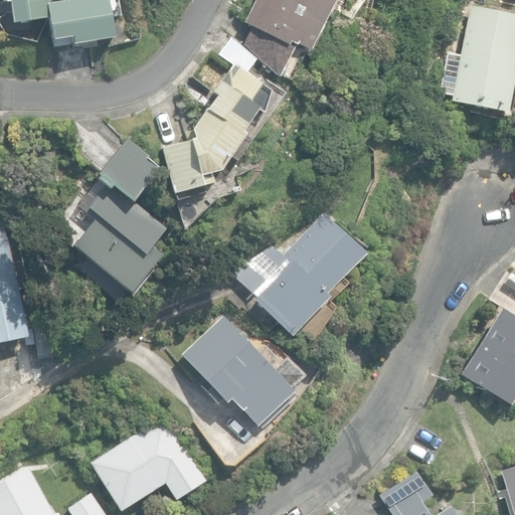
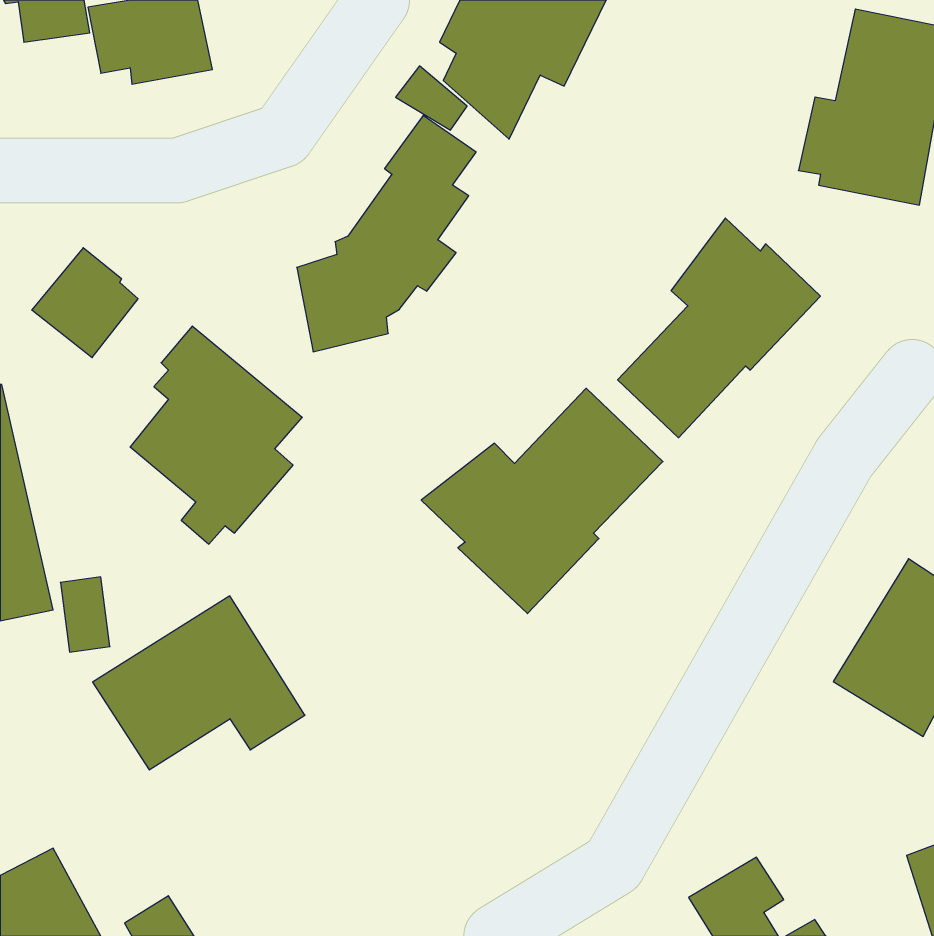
building: none -> [618,218,820,438]
building: [100,139,158,199] -> [32,248,138,358]
building: [180,315,306,426] -> none
building: [91,414,207,510] -> [93,596,305,770]

